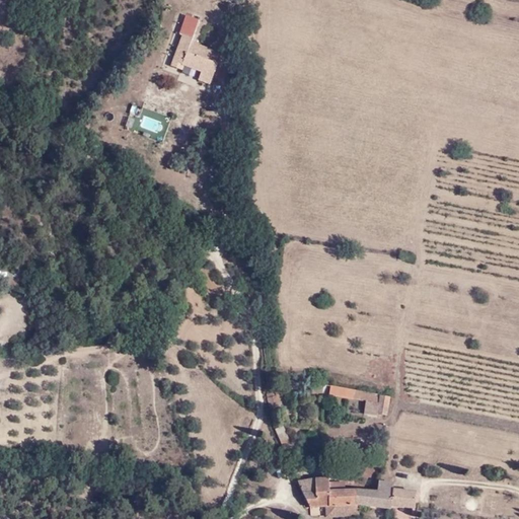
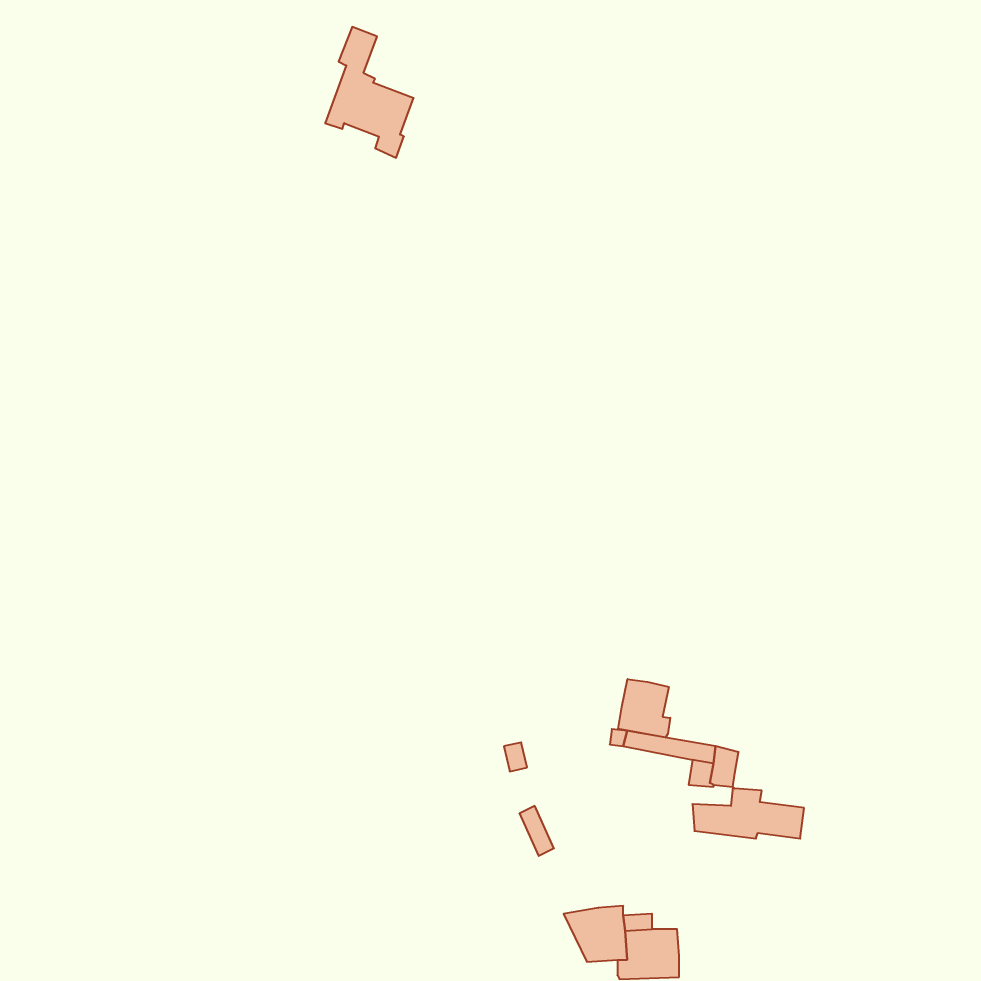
building: none -> [618,679,670,738]
building: [357,480,416,508] -> [692,787,804,839]

